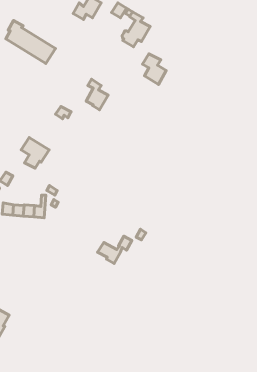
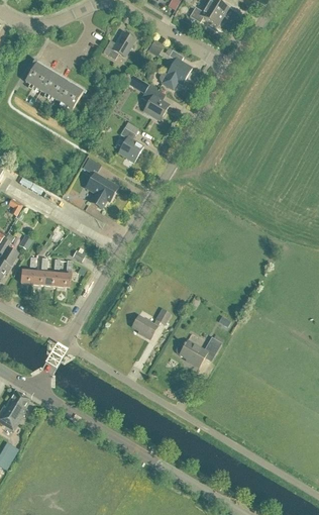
building: [143,54,166,84] -> [141,85,169,120]
building: [21,137,49,168] -> [86,173,118,208]
building: none -> [176,336,222,367]

